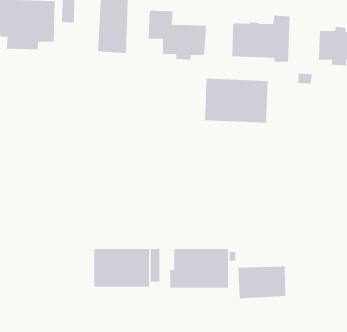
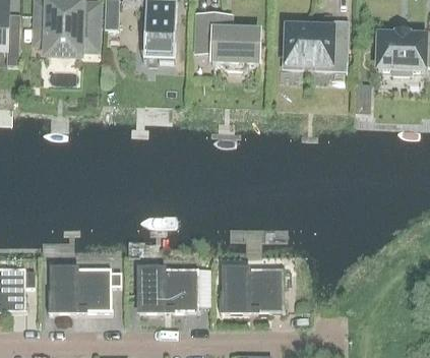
building: [204,78,269,123] -> none
building: none -> [47,267,120,312]
building: [237,266,293,299] -> none

